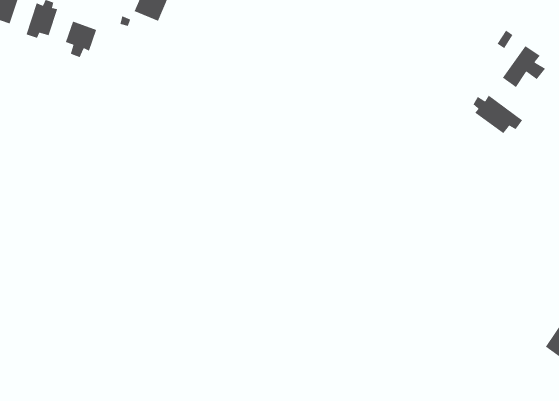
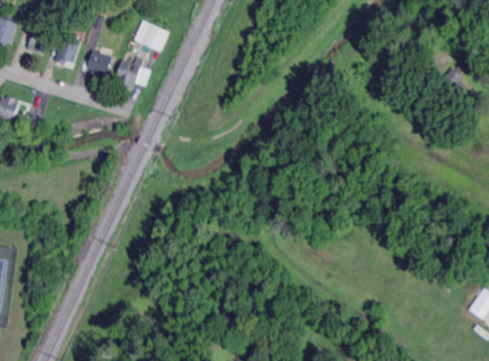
building: none -> [115,57,144,87]
building: [472,95,523,134] -> none

